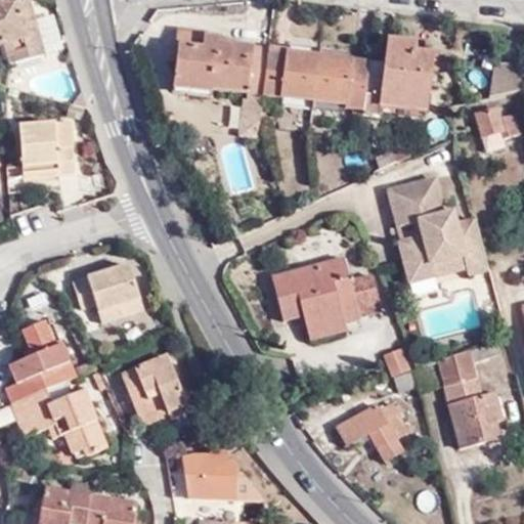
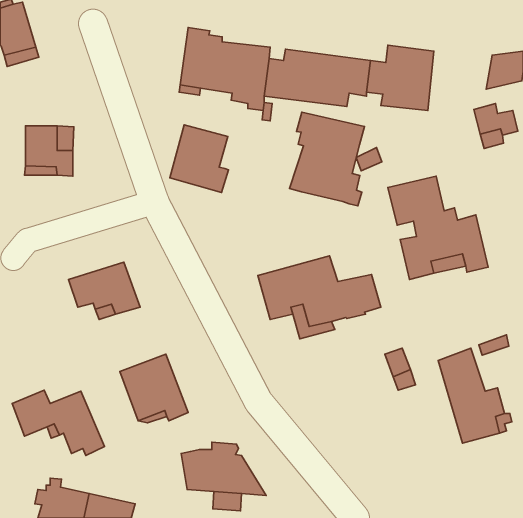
building: none -> [290,112,364,206]
building: none -> [170,125,228,193]
building: [6,321,77,403] -> none
building: [338,404,407,456] -> none

